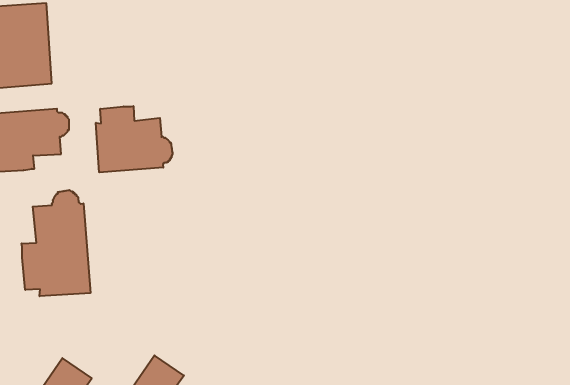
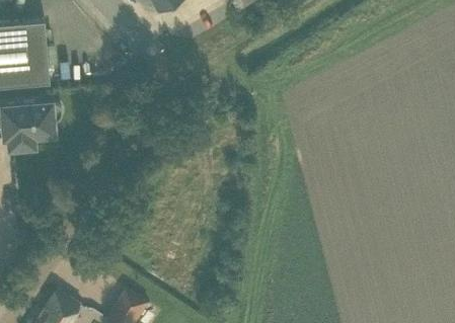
building: [96,106,173,172] -> none
building: [22,190,90,296] -> none

